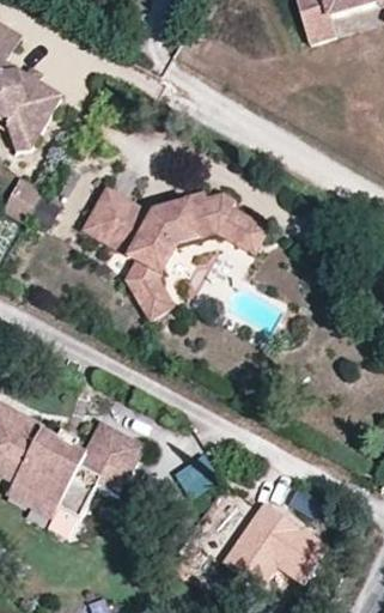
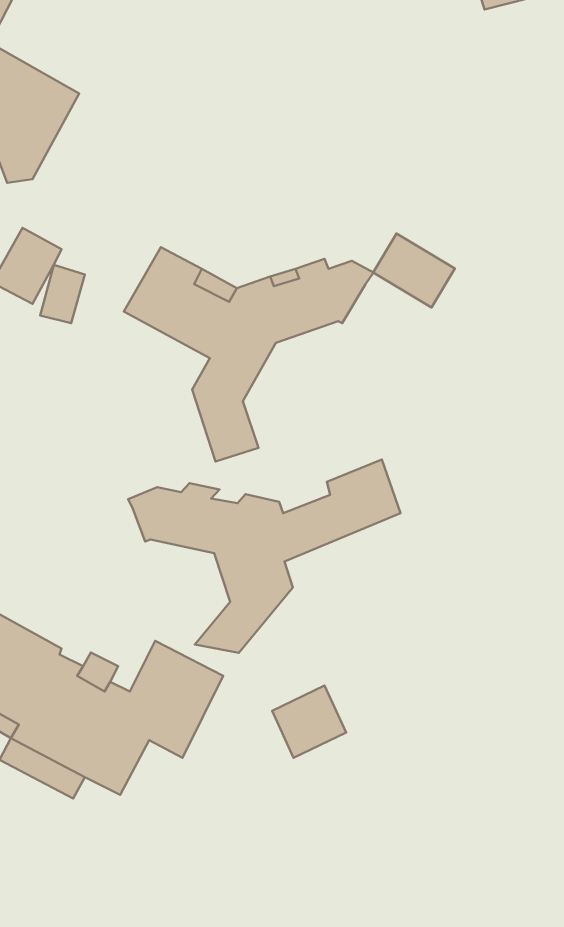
building: [218,207,268,253] -> [373,233,455,307]
building: none -> [128,459,400,653]
building: [225,504,331,590] -> none

